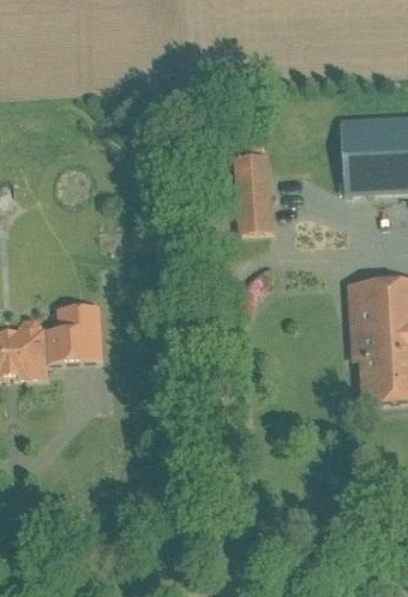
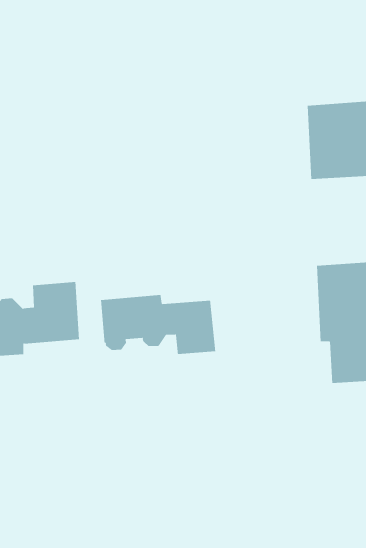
building: [235,154,275,234] -> none
building: none -> [100,294,216,355]

